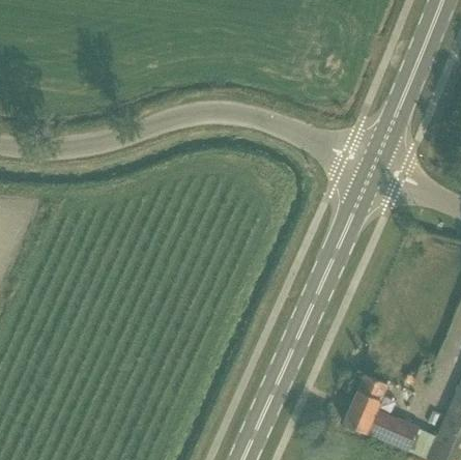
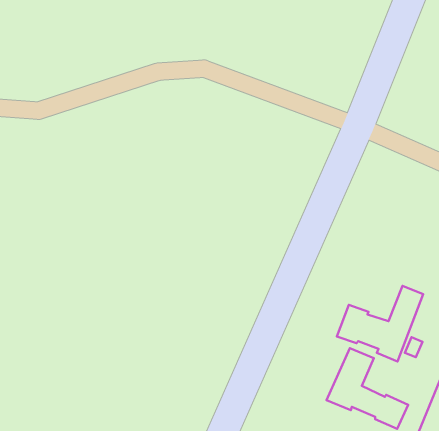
building: none -> [337,286,423,361]

